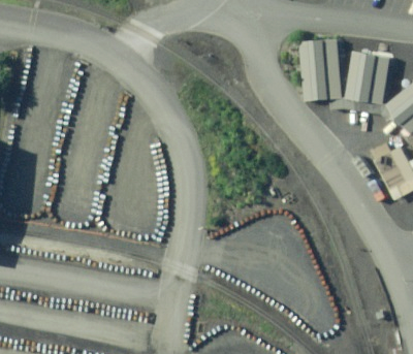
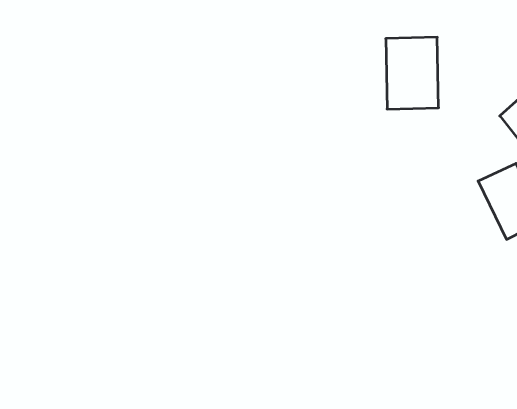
building: [341,54,385,107] -> none

